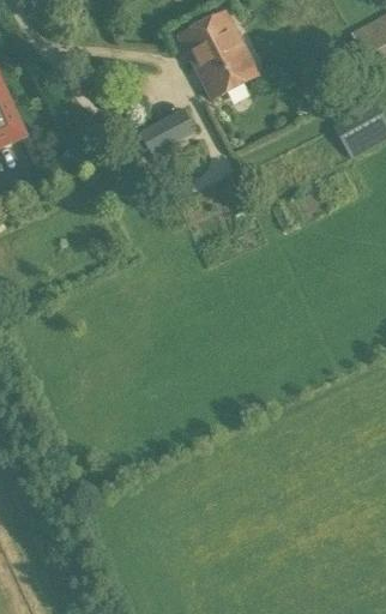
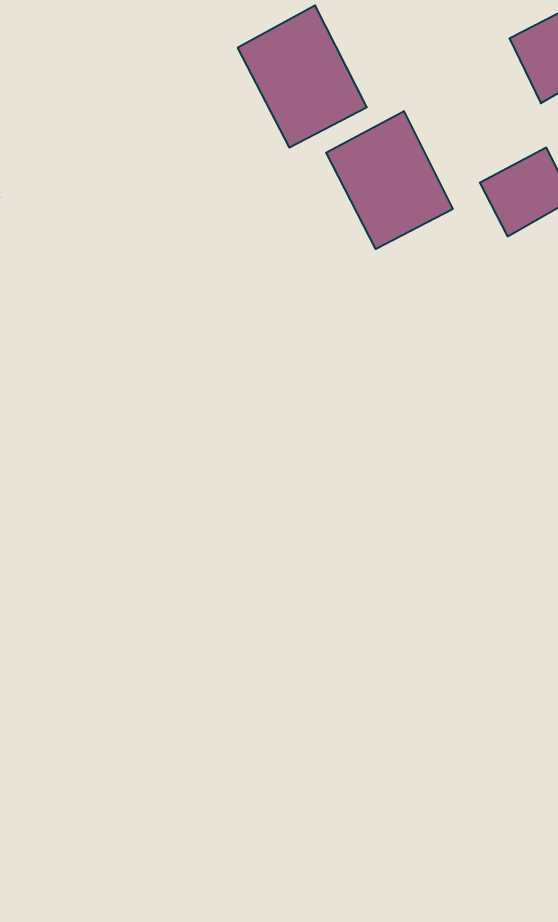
building: none -> [326,111,453,249]
building: [140,107,197,155] -> none

